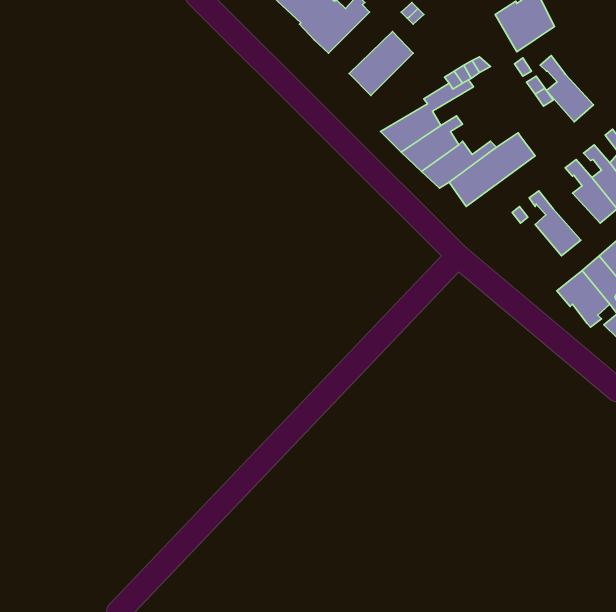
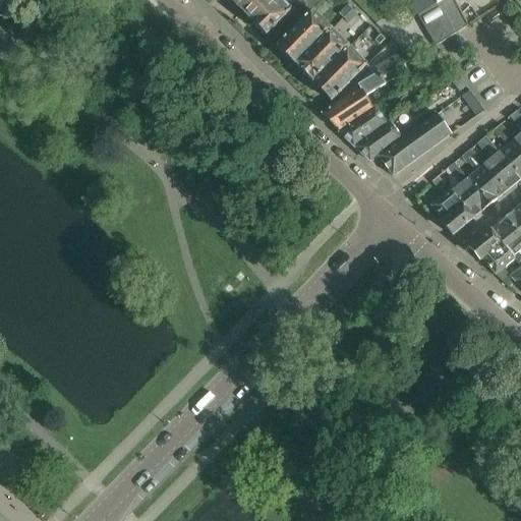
building: none -> [278,9,332,62]
building: none -> [313,45,367,99]
building: [540,55,593,122] -> [462,147,507,202]
building: none -> [431,187,474,233]

